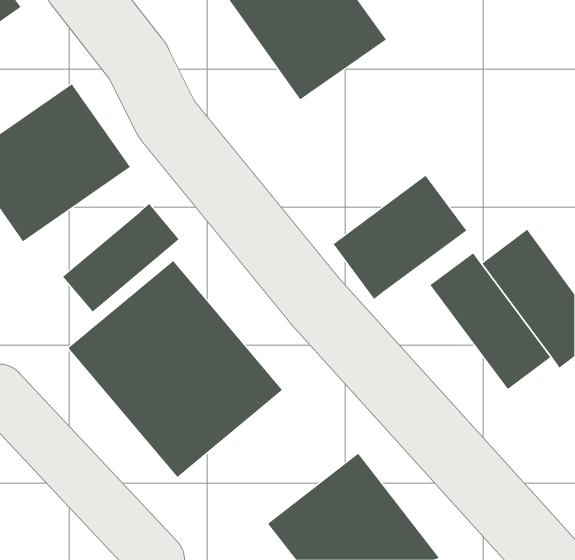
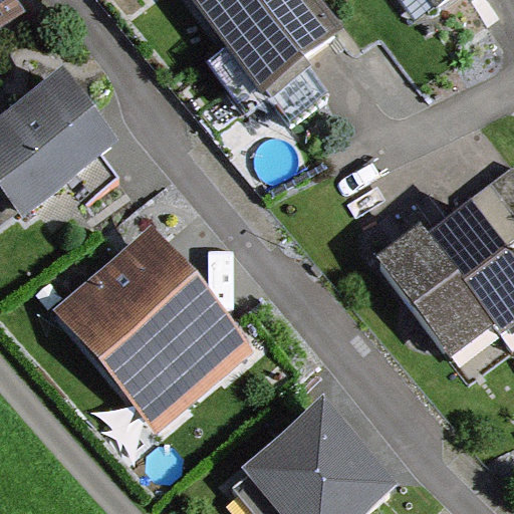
building: [333,175,467,300] -> none
building: [62,203,180,313] -> none

